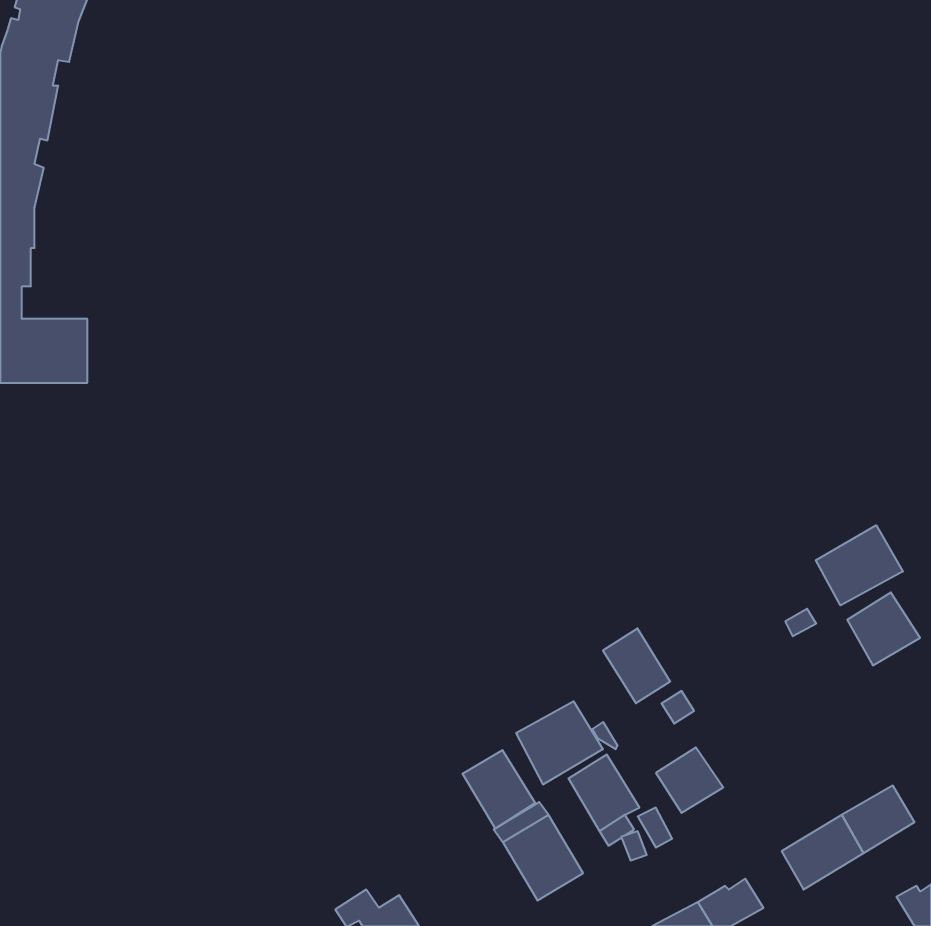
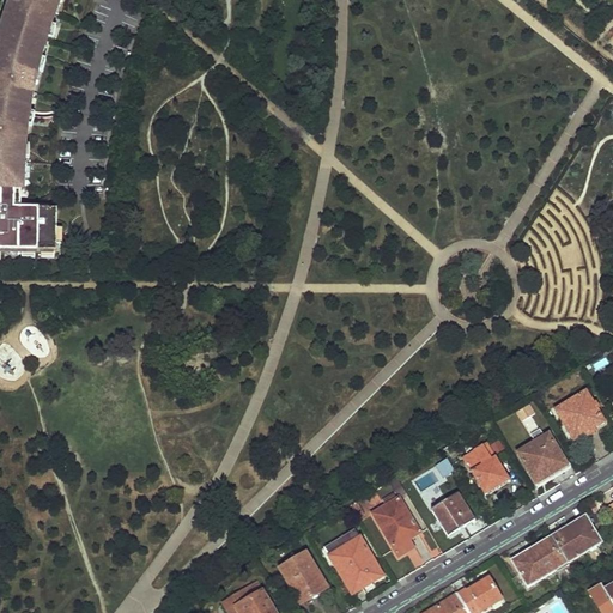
building: [816,525,903,605] -> none
building: [603,628,670,703] -> [465,442,509,491]
building: none -> [520,432,568,481]
building: [516,701,603,785] -> none
building: [462,750,535,828] -> [279,551,327,602]

